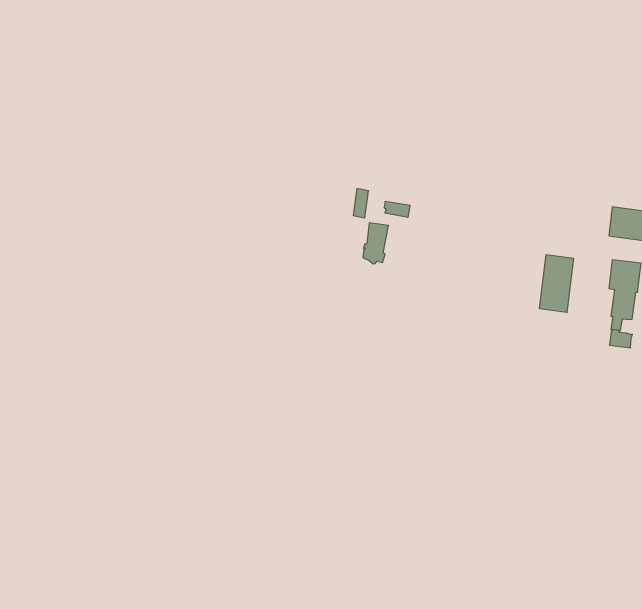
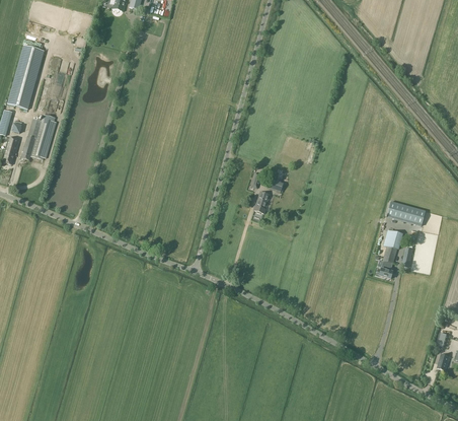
building: [540,255,573,313] -> none

